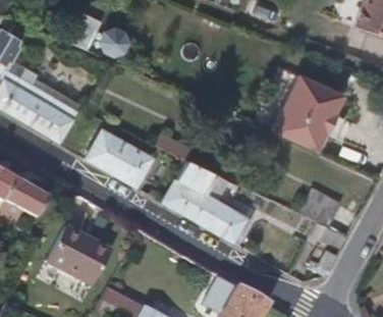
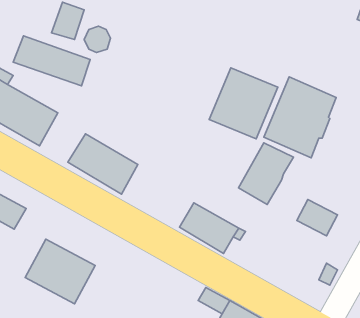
building: none -> [13,36,90,86]
building: none -> [209,68,278,139]
building: [165,158,216,215] -> [239,143,293,204]

